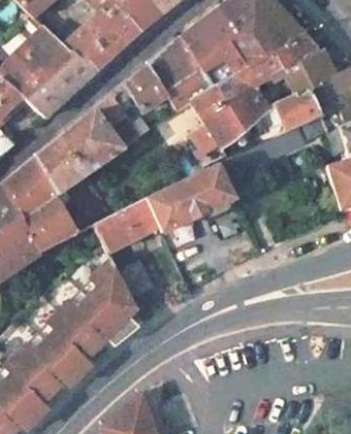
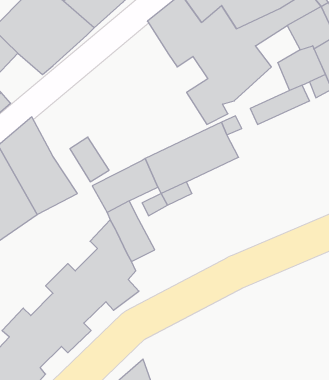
building: [123,65,167,112] -> none
building: [34,94,140,196] -> none

